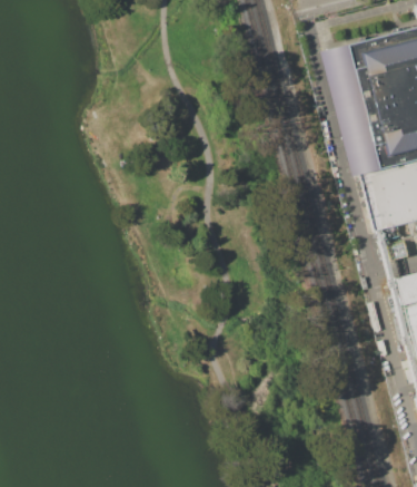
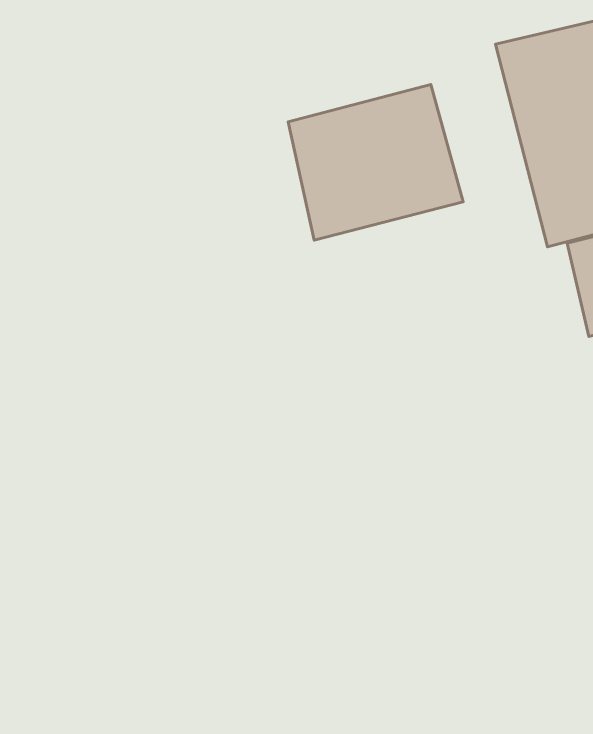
building: none -> [288,85,463,240]

